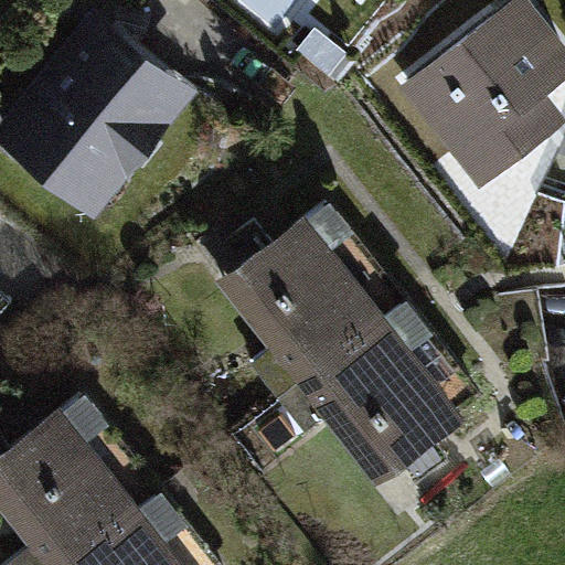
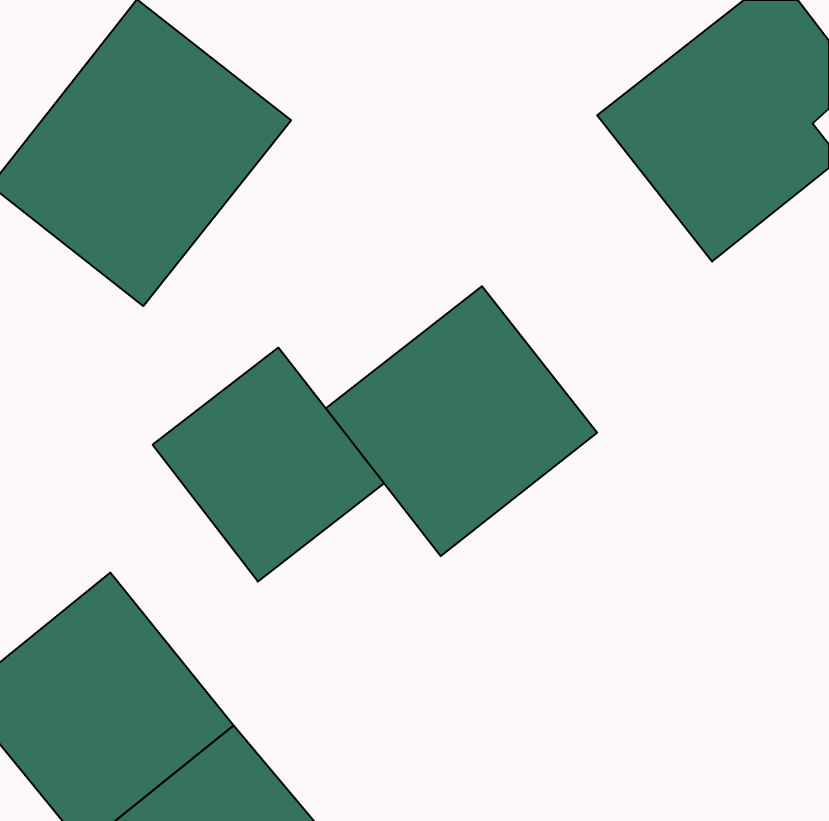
building: none -> [153,348,384,582]
building: [296,303,478,484] -> none

